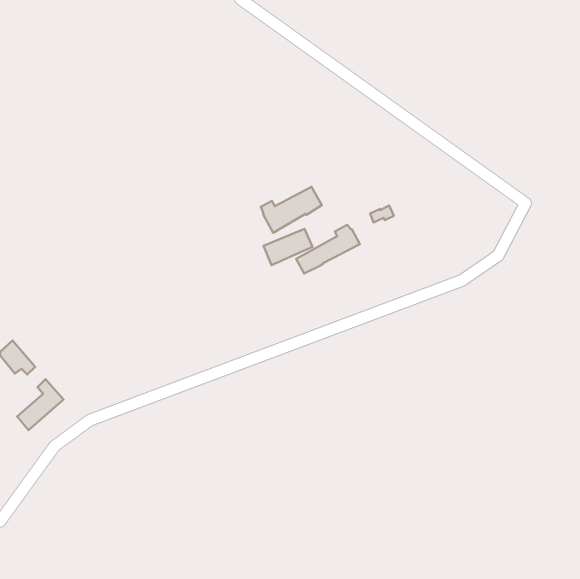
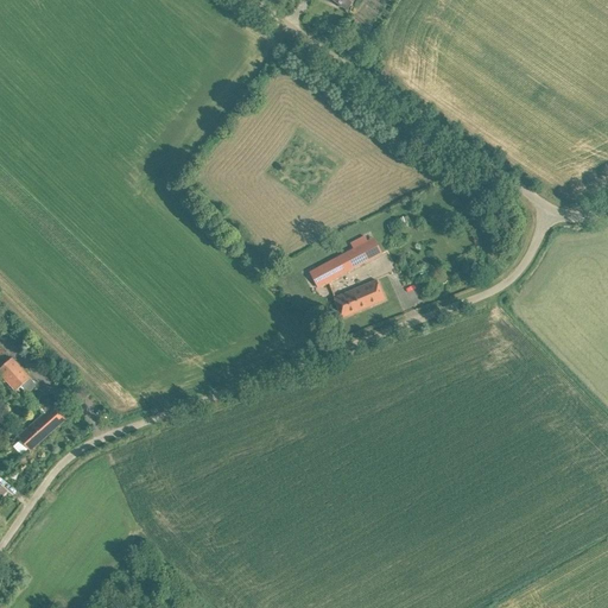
building: [261,187,322,233] -> none
building: [264,229,312,265] -> [334,279,385,317]

